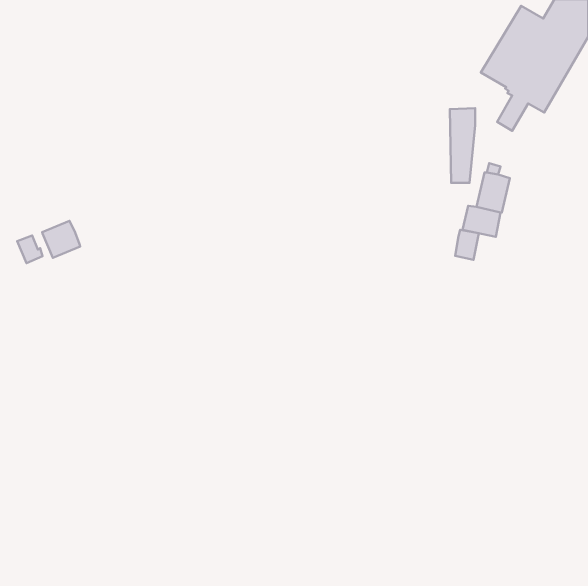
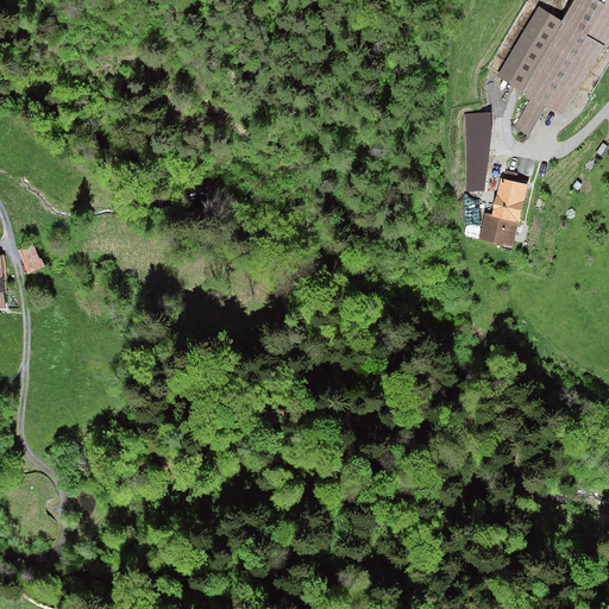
building: [42,221,80,258] -> none
building: [455,230,479,260] -> none

